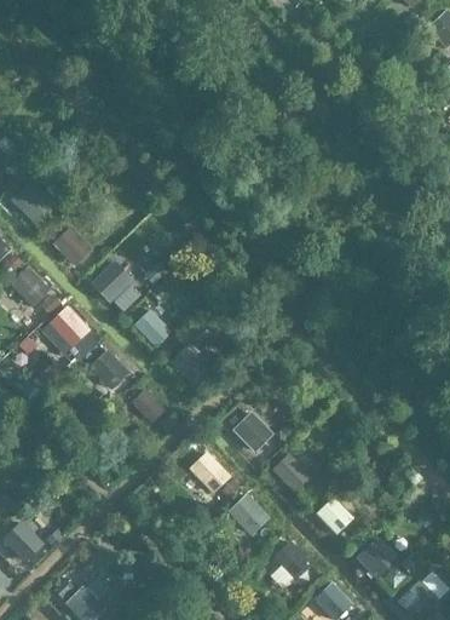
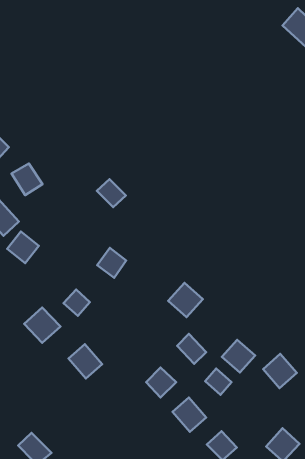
building: [96,269,133,306] -> none
building: [137,309,175,346] -> [97,179,126,207]
building: [86,348,134,395] -> [24,307,60,343]
building: [230,408,276,454] -> [168,283,203,317]
building: [185,455,230,501] -> [68,344,102,379]
building: none -> [222,340,255,373]
building: [358,534,403,580] -> [263,354,297,388]

